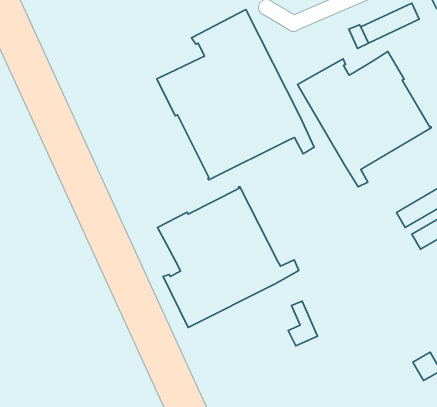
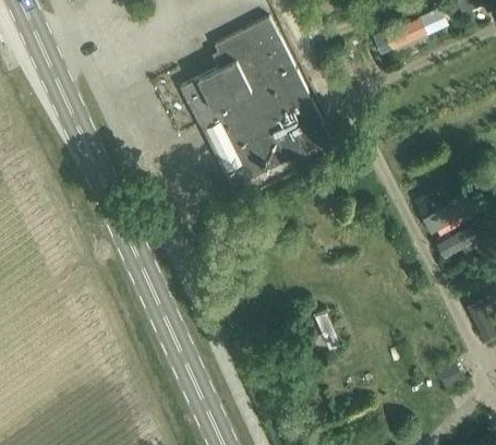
building: [298,52,431,187] -> none
building: [157,187,299,328] -> none

